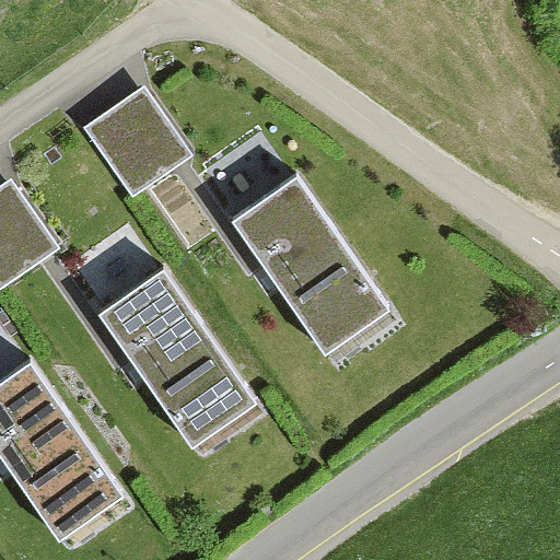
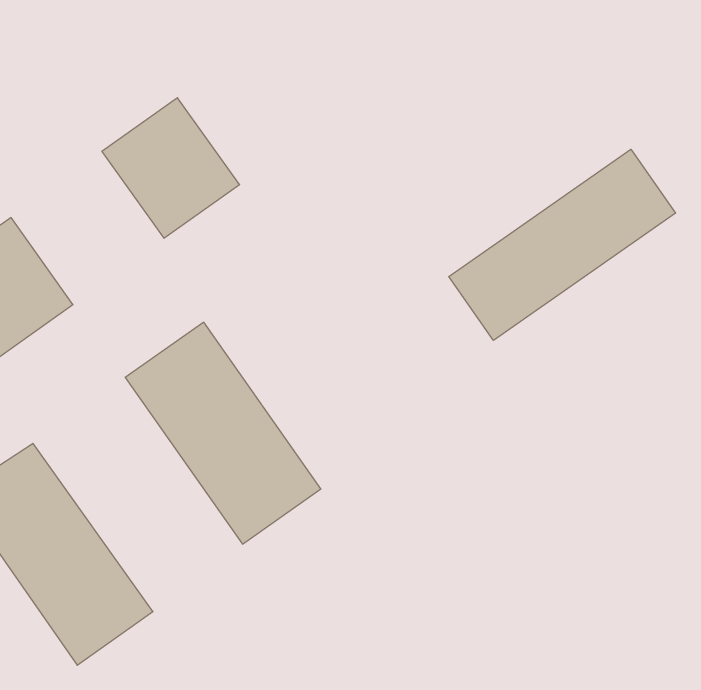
building: none -> [449,149,676,340]
building: [231,175,385,350] -> none

